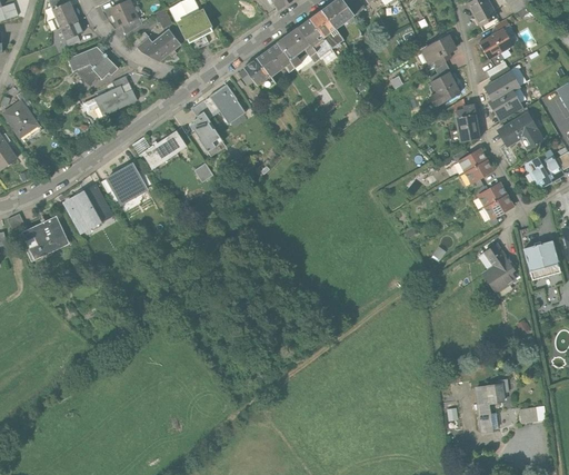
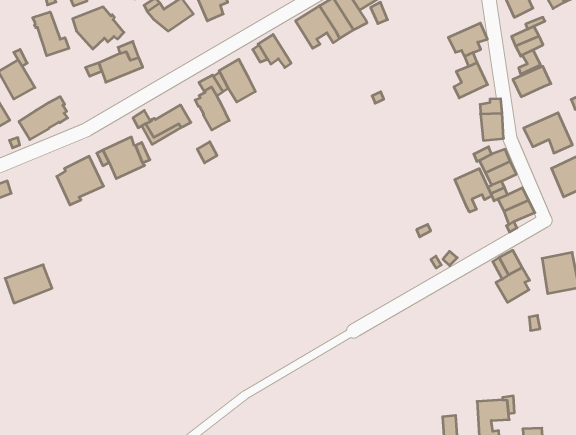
building: [257,43,295,76] -> none
building: none -> [33,12,69,56]
building: [489,87,522,118] -> none
building: none -> [19,97,68,140]
building: none -> [455,169,492,212]
building: [23,219,68,257] -> [5,265,52,303]

